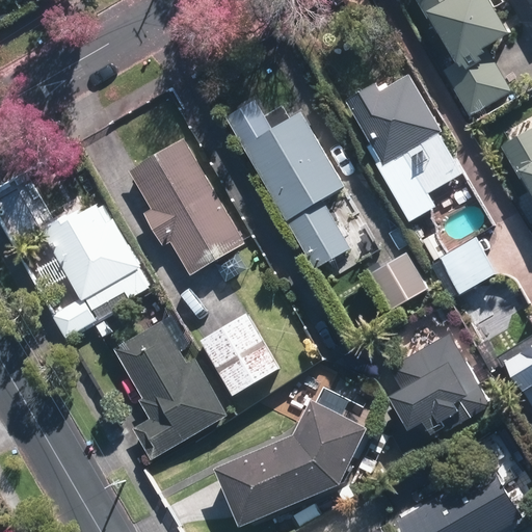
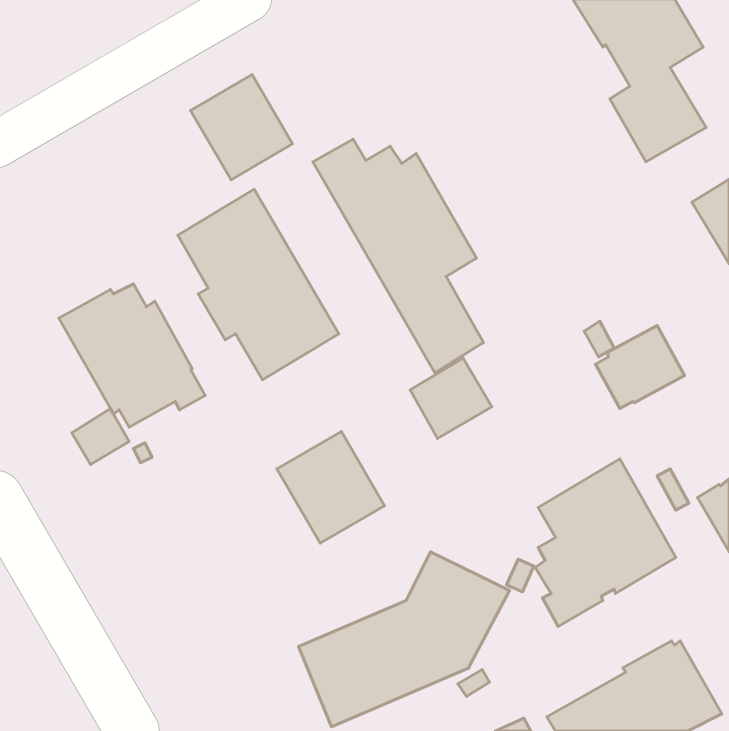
building: none -> [191,75,293,180]
building: [346,75,461,221] -> none
building: [369,251,428,310] -> [410,358,492,439]
building: [113,319,229,459] -> none

